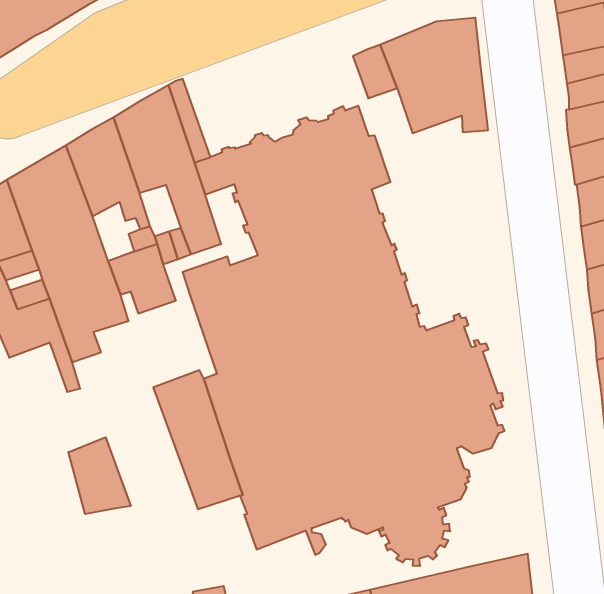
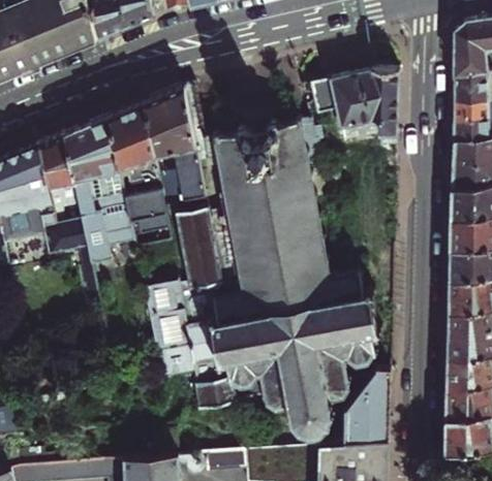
building: [68,437,131,514] -> none
building: none -> [343,367,391,442]

